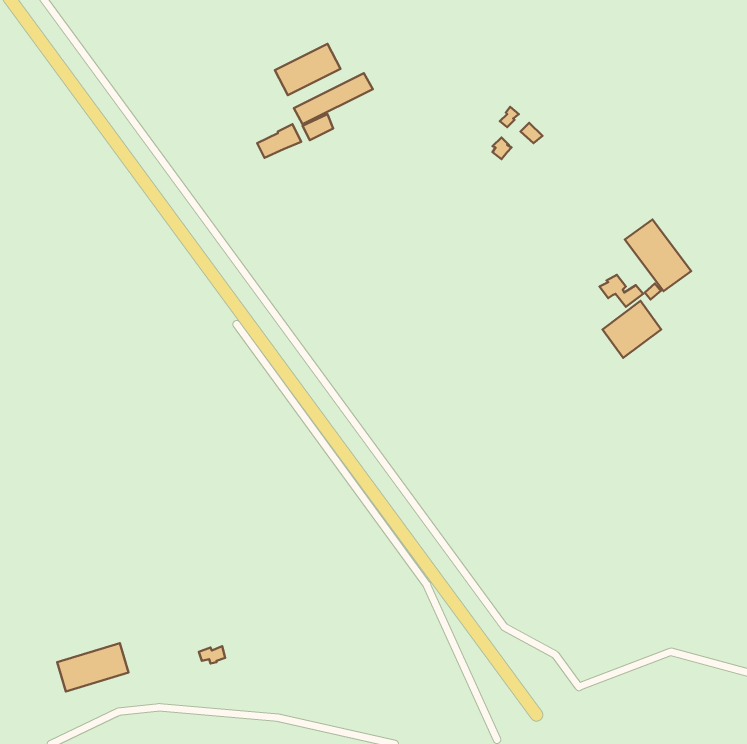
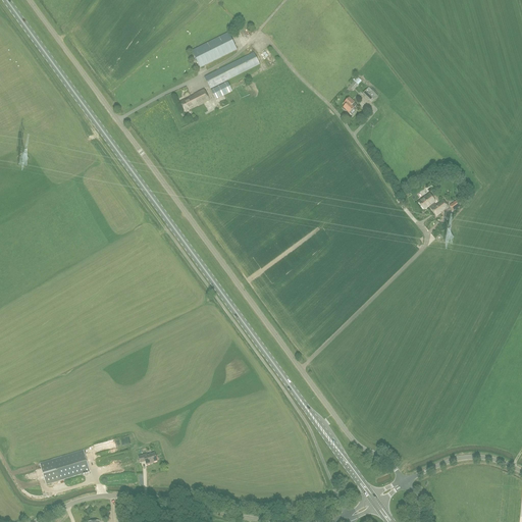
building: [625,220,691,291] -> none
building: [602,301,661,358] -> none

